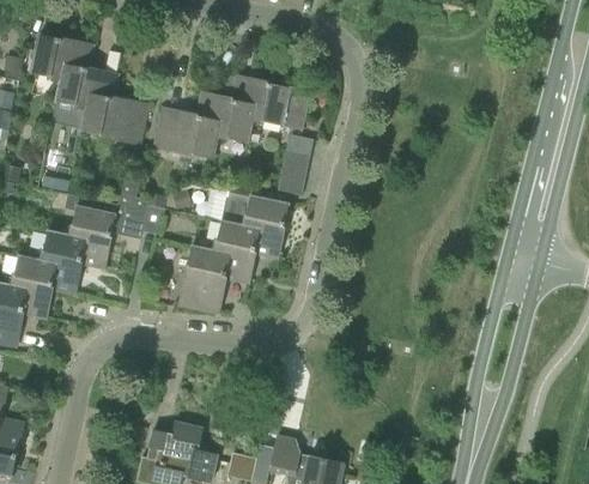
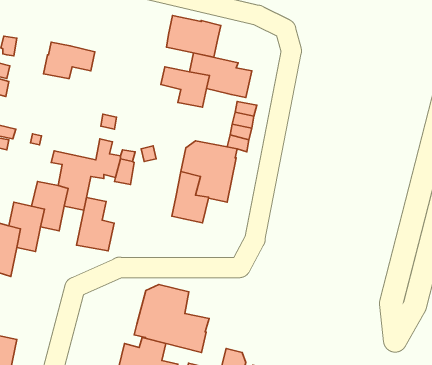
building: [31,34,92,78] -> none
building: [80,92,146,143] -> none
building: [156,108,221,158] -> [167,16,221,57]
building: [180,246,225,310] -> [77,198,114,251]
building: none -> [134,285,209,352]

